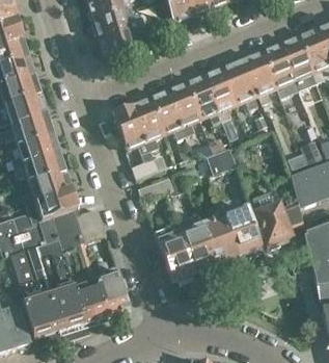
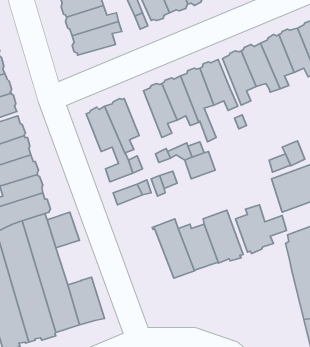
building: [149,90,186,138] -> none
building: [156,223,200,288] -> none

